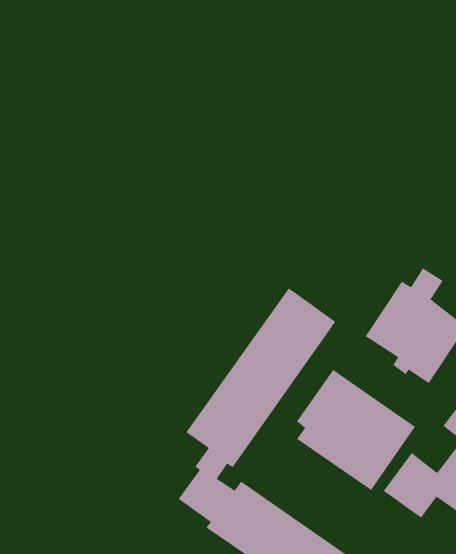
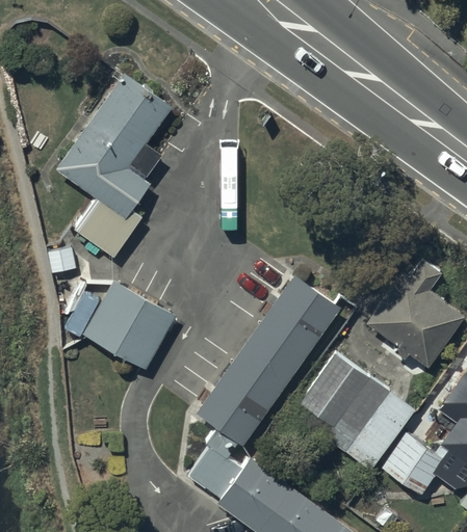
building: none -> [56,74,173,257]
building: none -> [84,281,174,369]

